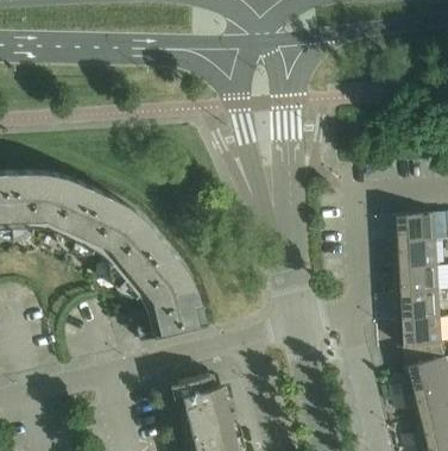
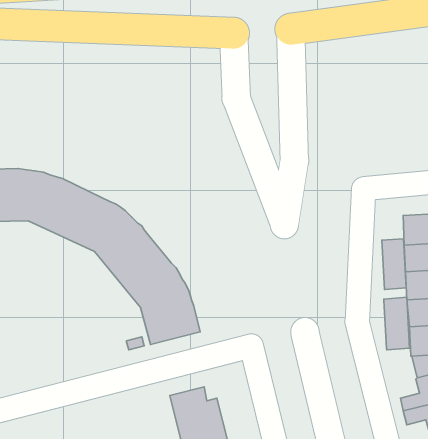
building: none -> [382,239,406,290]
building: none -> [384,297,410,350]

